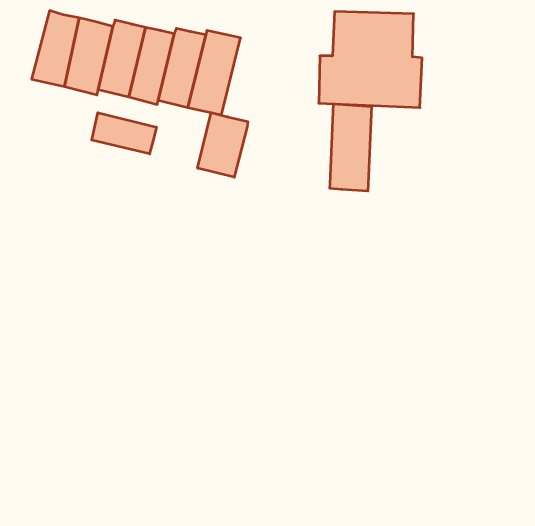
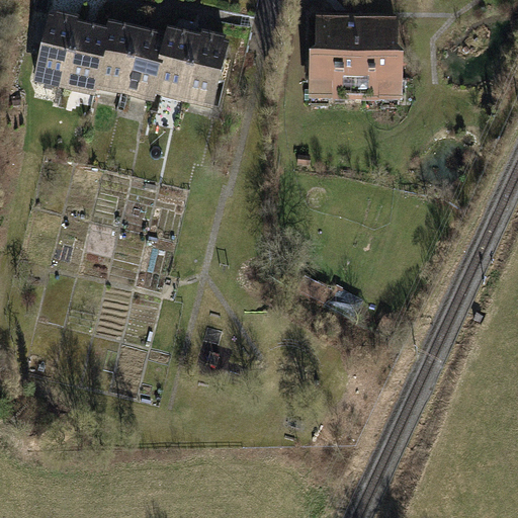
building: [330,104,371,191] -> none
building: [198,113,248,177] -> none
building: [92,113,156,154] -> none

